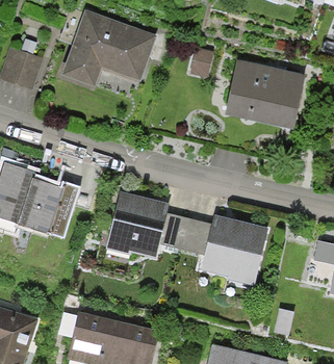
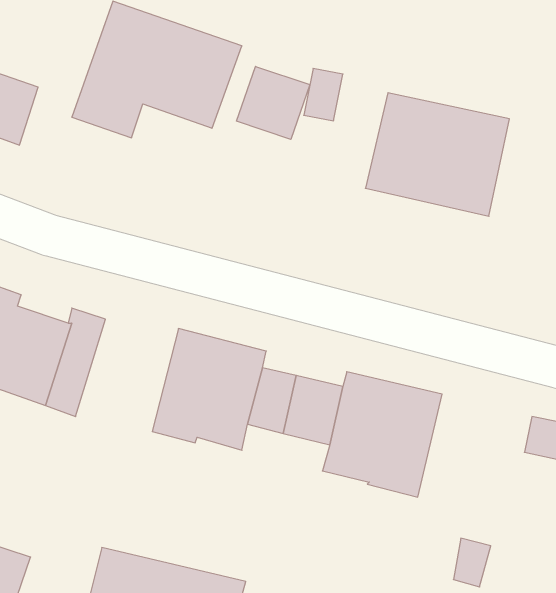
building: none -> [237,66,310,139]

